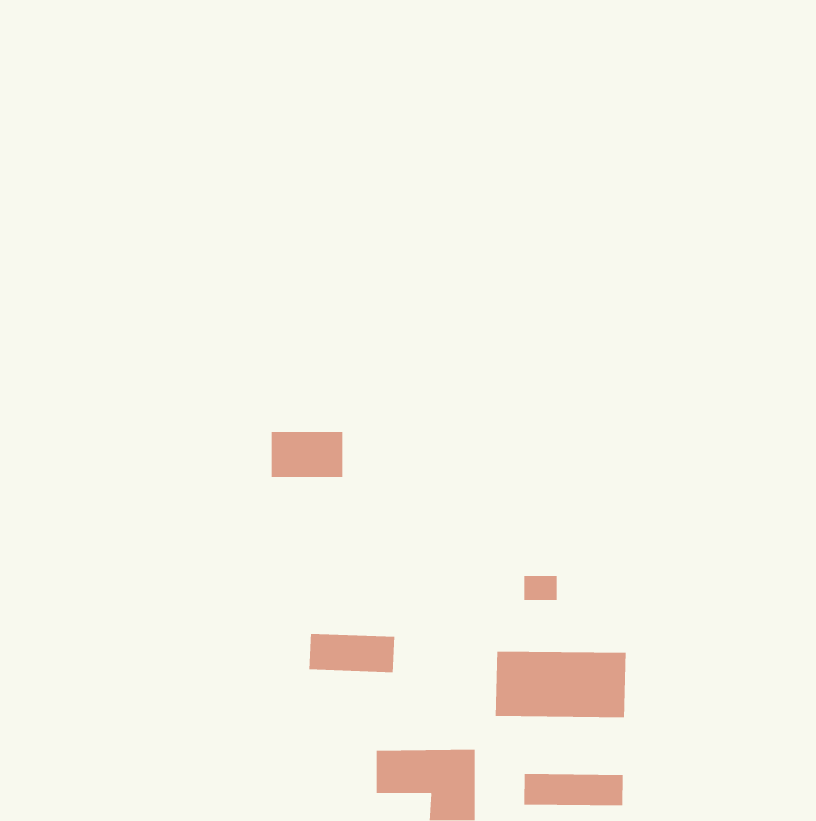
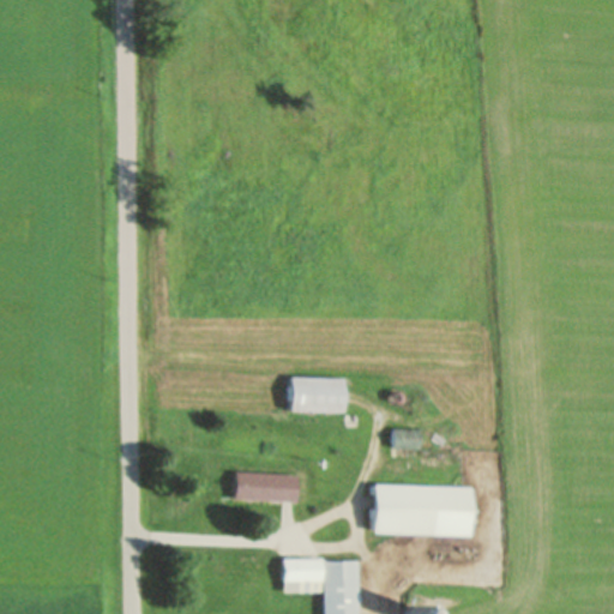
building: [271,431,343,478] -> [289,378,343,413]
building: [524,773,623,806] -> none

